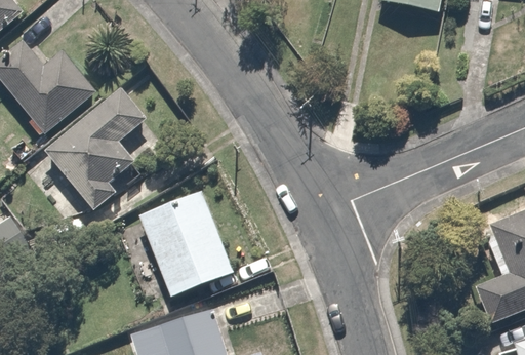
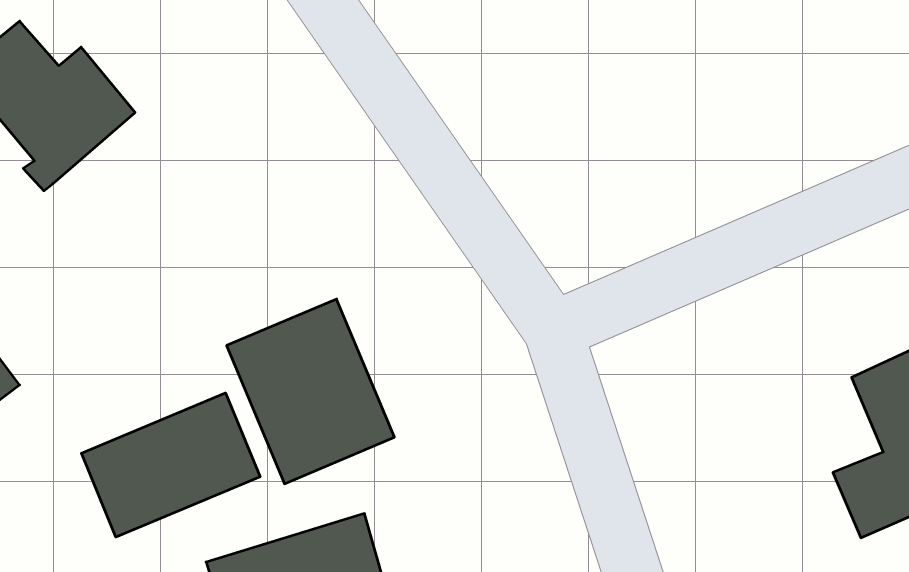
building: [44,89,160,210] -> none
building: none -> [81,393,260,537]

